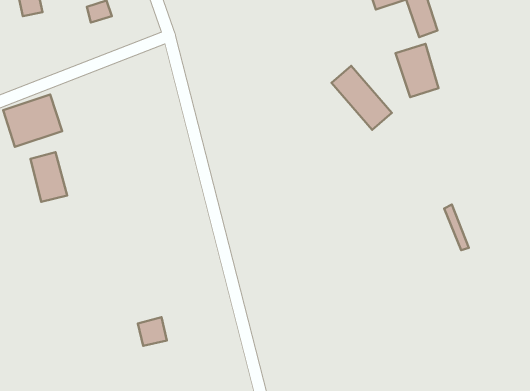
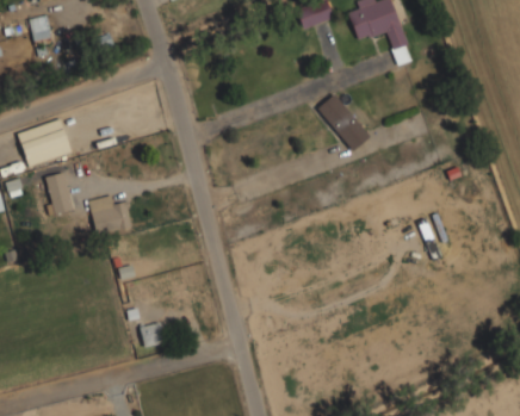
building: [396,44,439,97] -> none
building: none -> [88,195,132,235]

